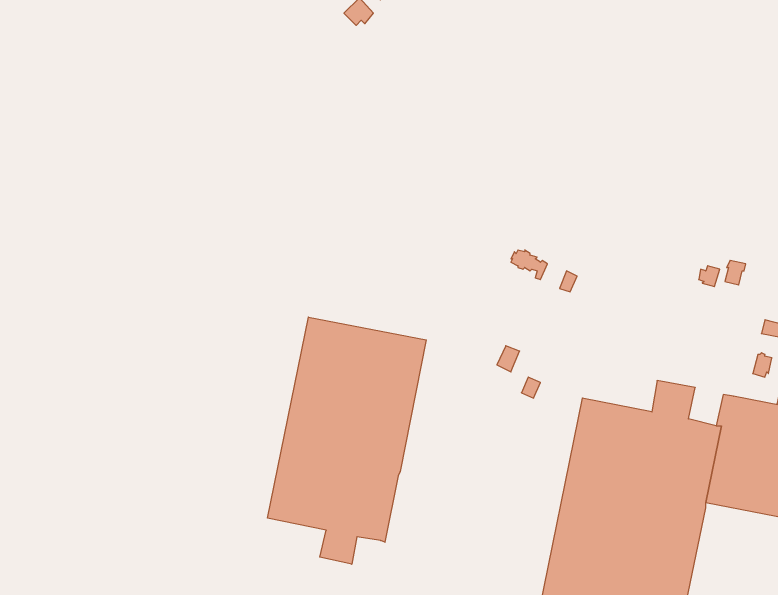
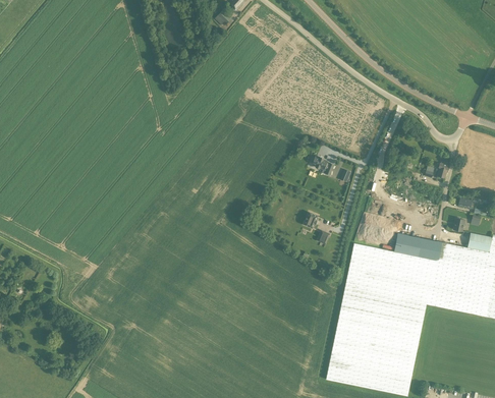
building: [268,317,426,564] -> none

